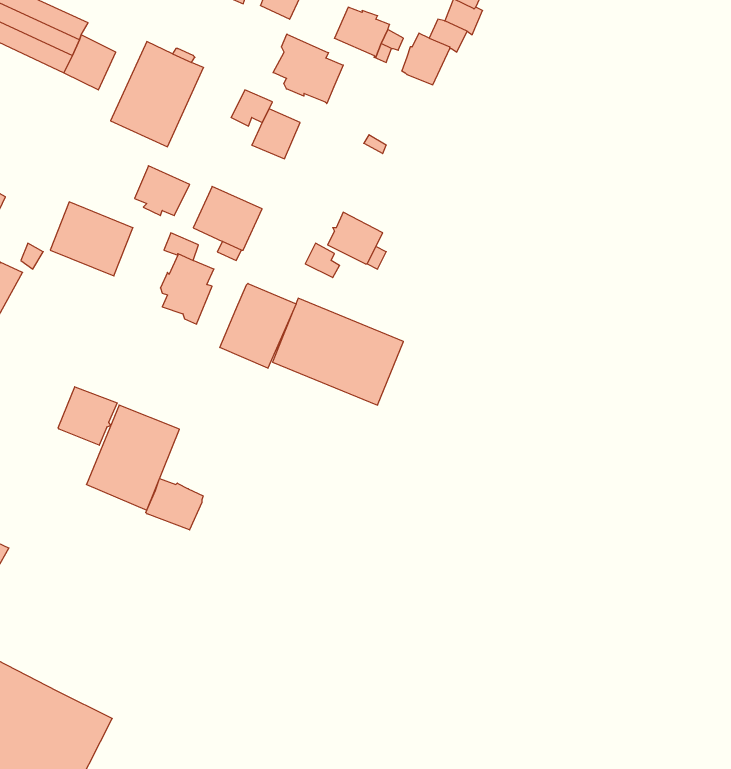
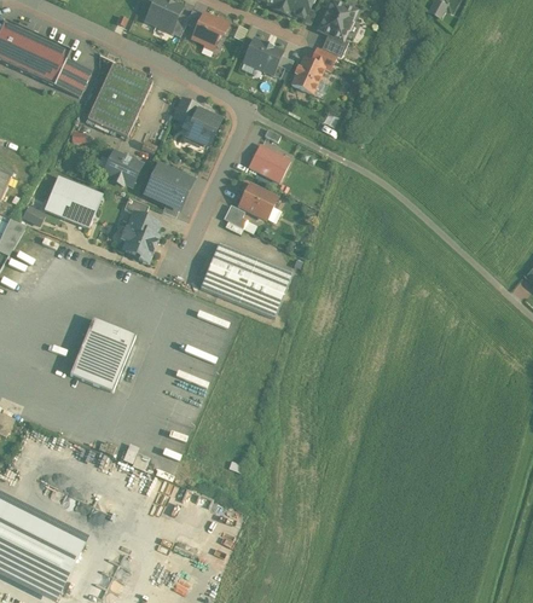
building: [273,34,343,104] -> none
building: none -> [248,144,289,181]
building: [220,283,296,368] -> none
building: [58,387,117,445] -> none
building: [146,479,203,530] -> none

